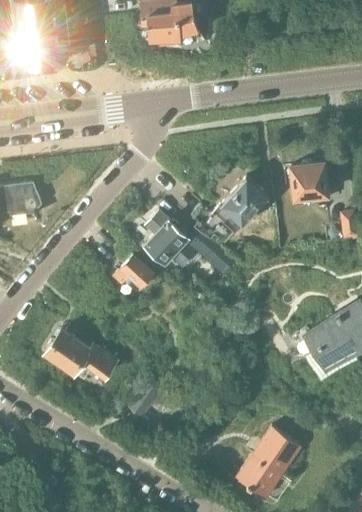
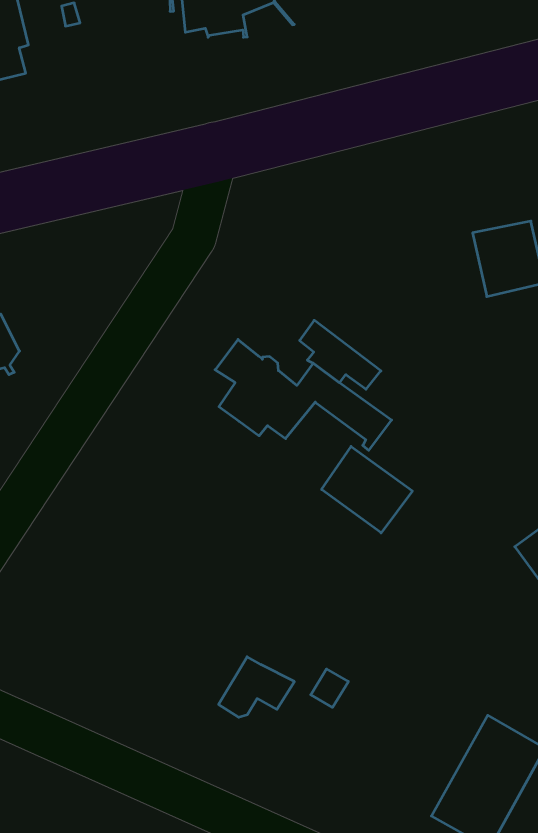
building: [220,177,269,226] -> none
building: [114,256,154,289] -> none
building: none -> [322,446,412,533]
building: [46,329,119,379] -> none

